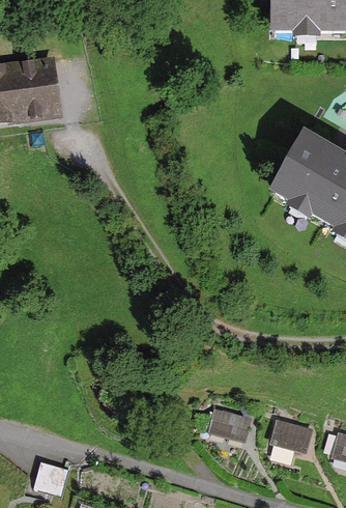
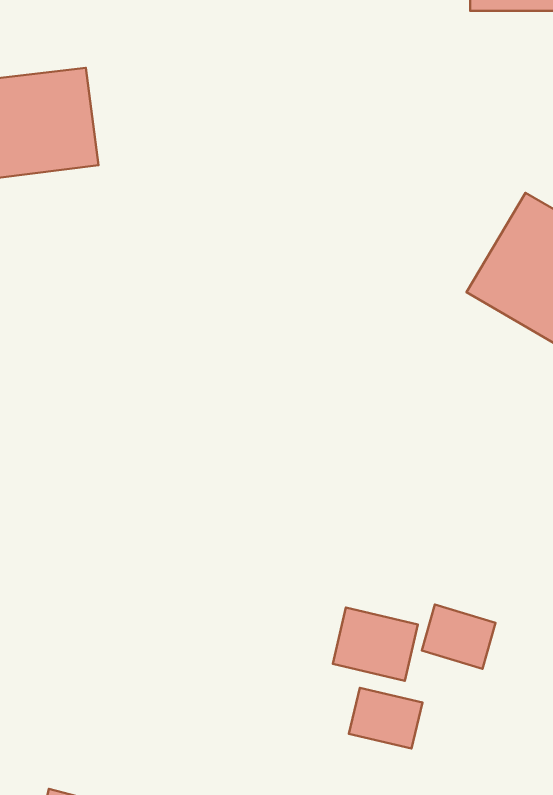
building: none -> [333,608,418,681]
building: [269,419,311,455] -> [422,604,495,669]

